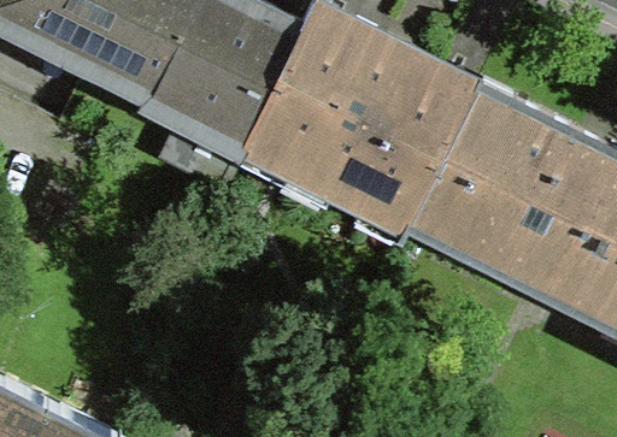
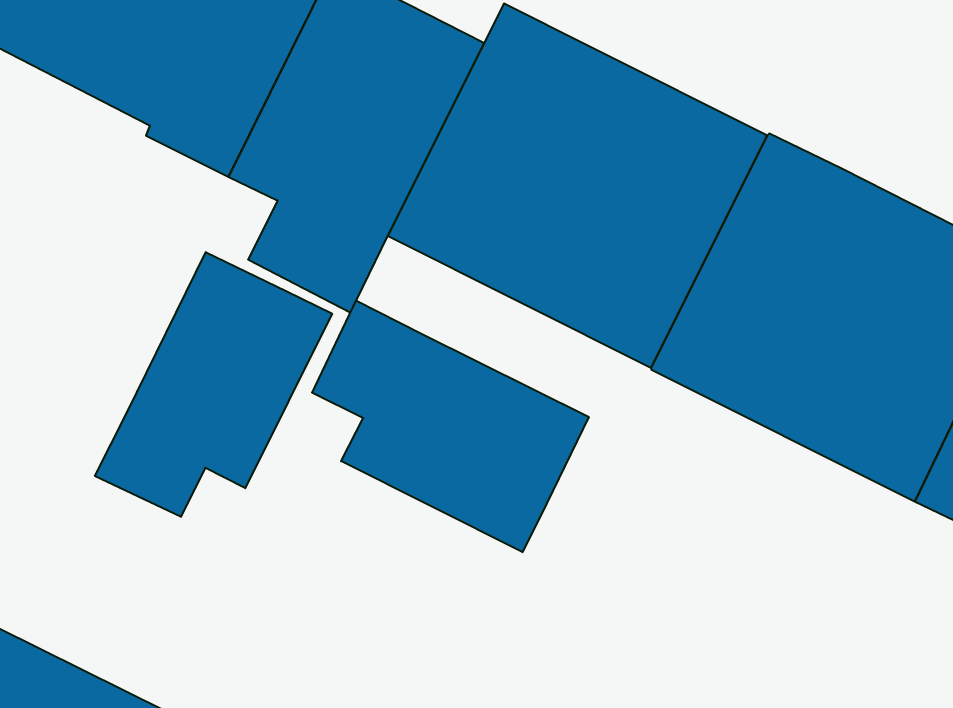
building: none -> [95,252,332,517]
building: none -> [312,300,589,552]

